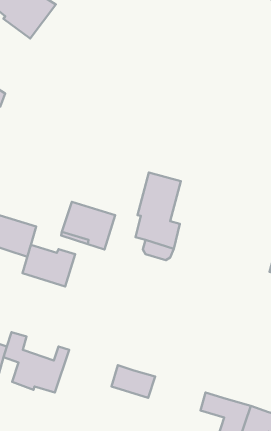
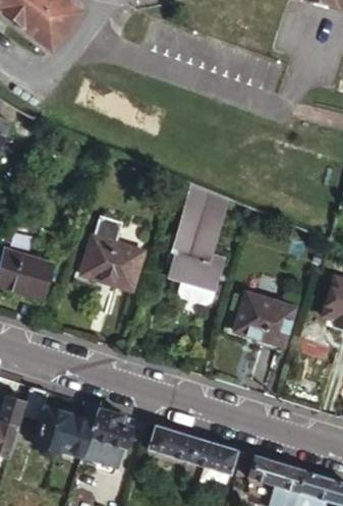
building: [23,245,75,286] -> none
building: none -> [237,293,298,347]
building: none -> [79,406,131,467]
building: none -> [186,437,233,473]

